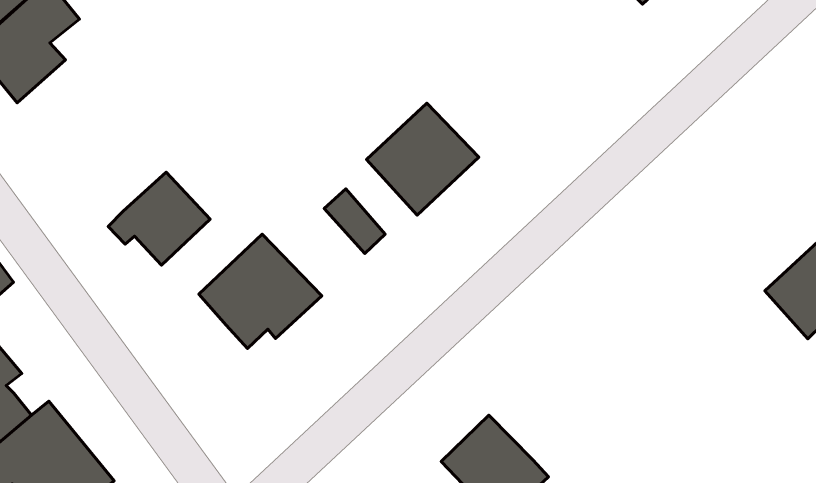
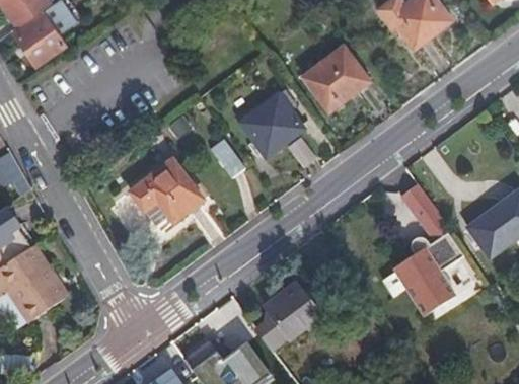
building: none -> [301,44,371,112]
building: [108,172,210,265] -> none
building: none -> [387,183,464,317]

